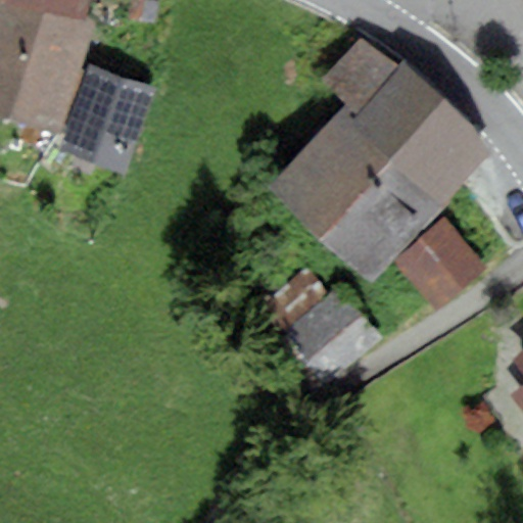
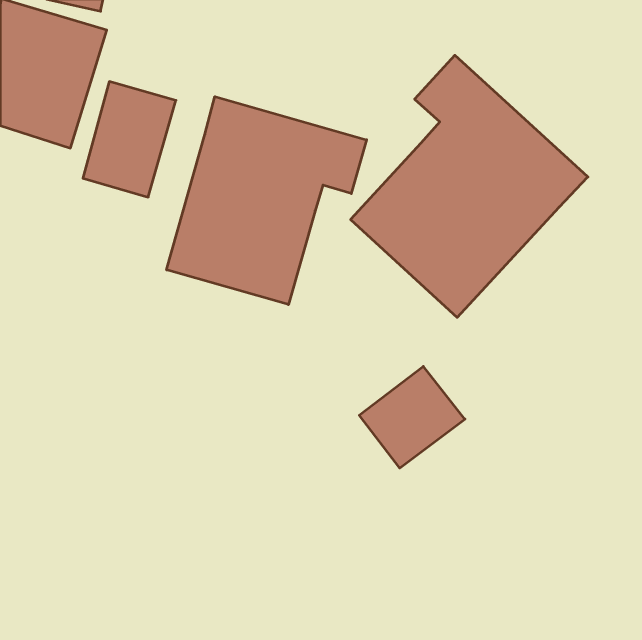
building: none -> [167,97,367,305]
building: [398,224,481,306] -> none

